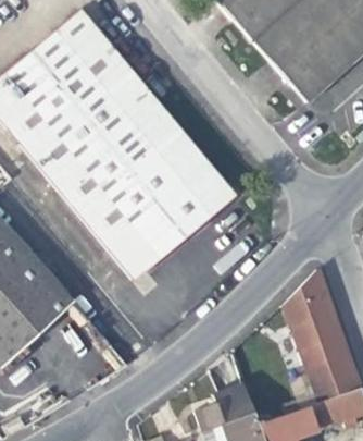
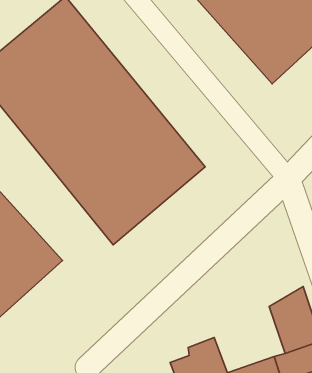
building: [287,268,340,348] -> none

